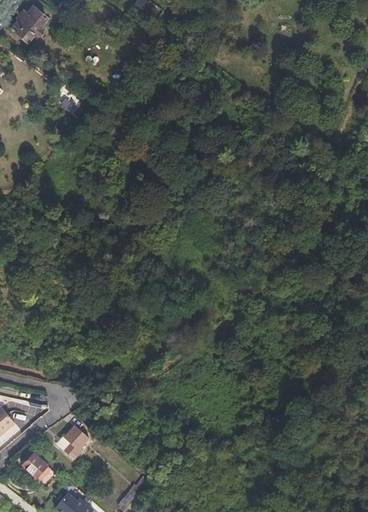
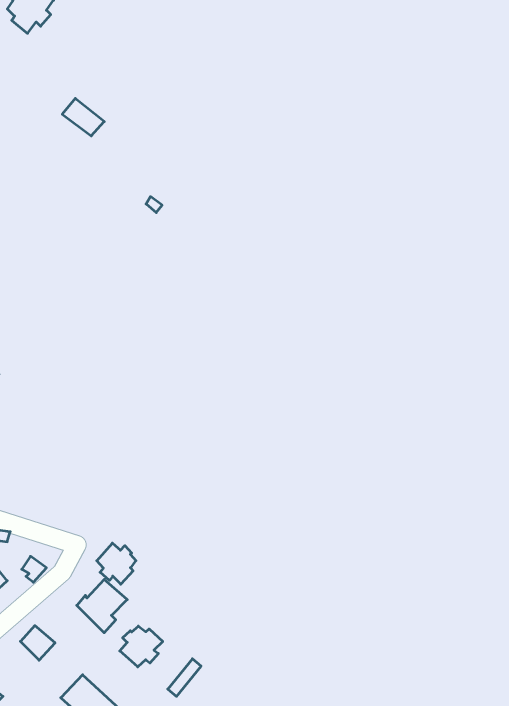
building: none -> [97,543,136,584]
building: none -> [120,626,163,667]

